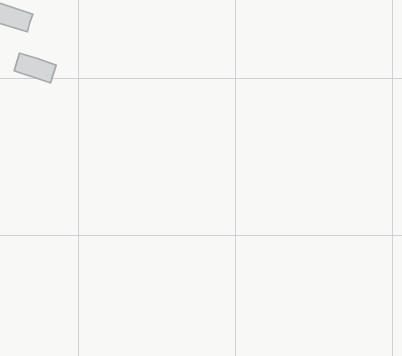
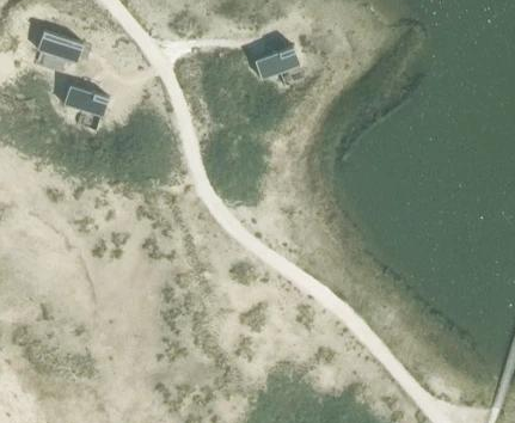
building: none -> [255,48,301,81]

